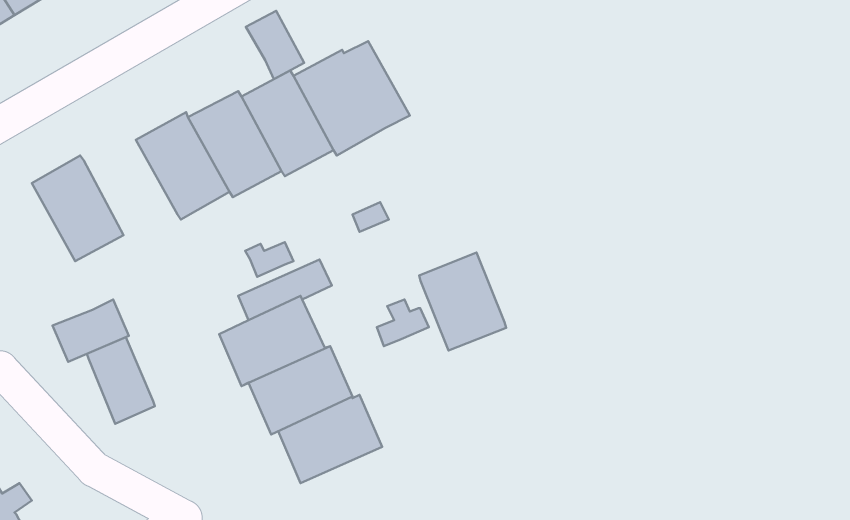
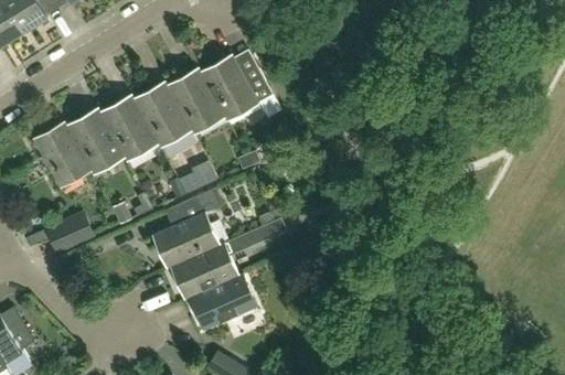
building: [246,11,304,79] -> none
building: none -> [66,108,126,175]
building: [419,253,506,351] -> none
building: [87,337,155,424] -> none

